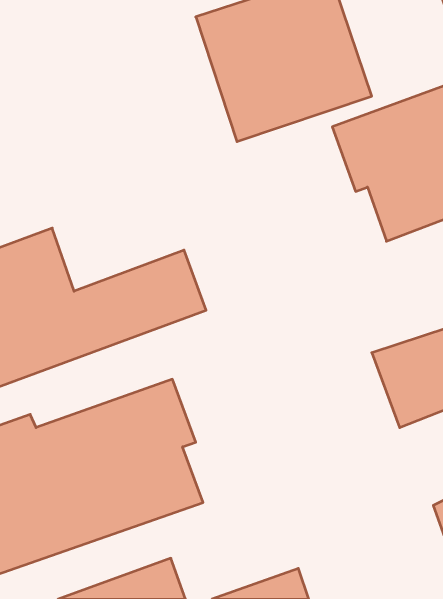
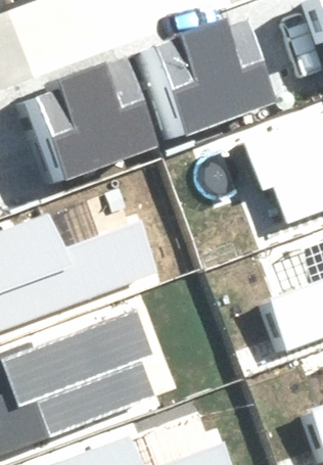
building: none -> [30,66,150,184]

